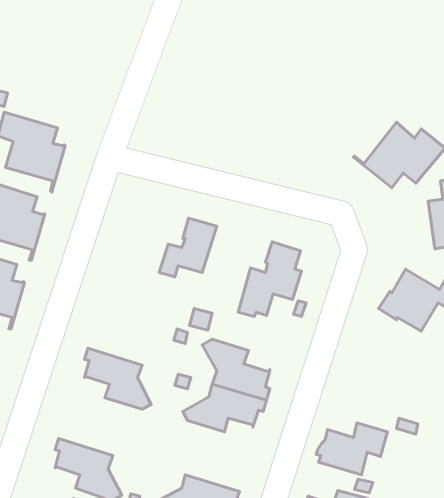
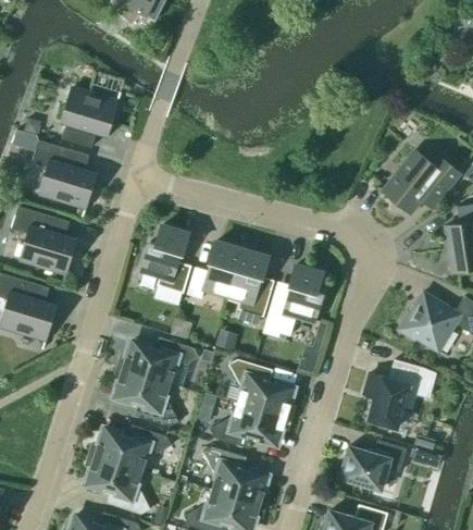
building: none -> [59,87,120,147]
building: none -> [141,225,190,293]
building: none -> [227,249,271,316]
building: none -> [117,336,199,383]
building: none -> [365,359,434,430]
building: none -> [89,424,171,470]
building: none -> [202,446,266,505]

